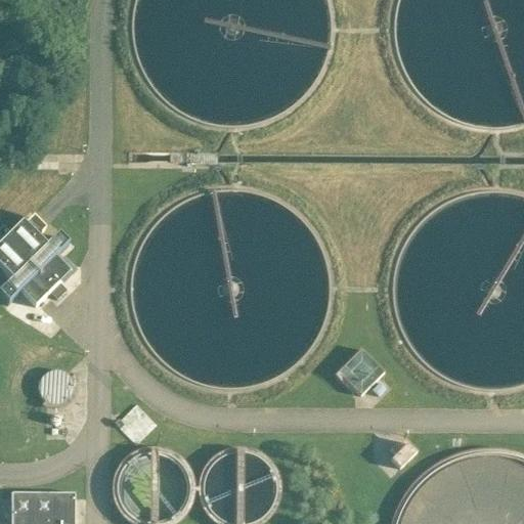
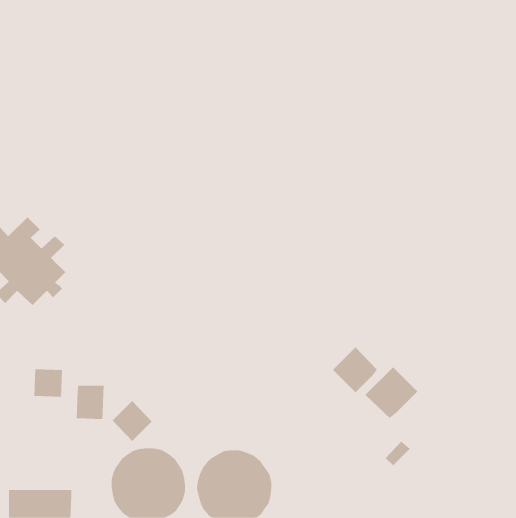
building: none -> [365,366,418,419]
building: none -> [76,385,104,420]

